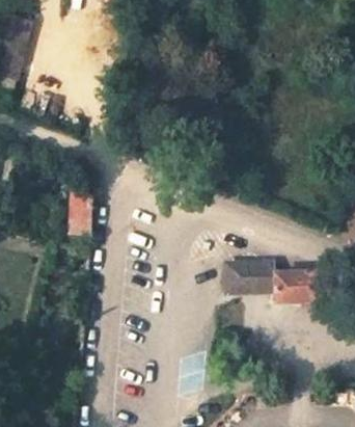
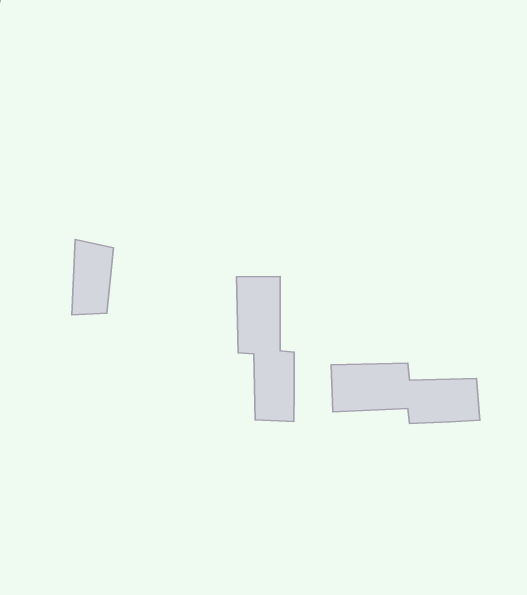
building: none -> [237,277,294,422]

